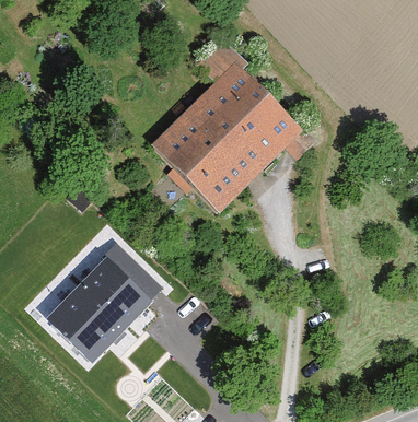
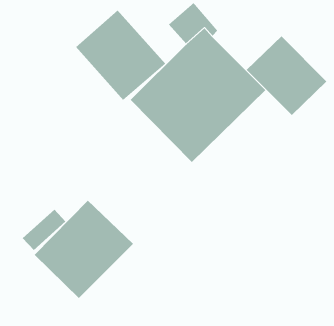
building: none -> [75,10,166,101]
building: none -> [246,35,327,116]

